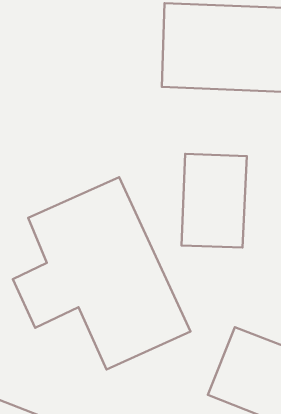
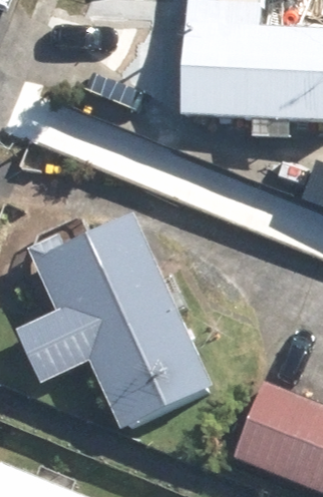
building: [181,154,247,248] -> none

